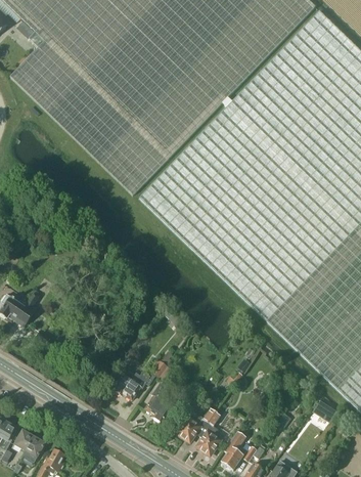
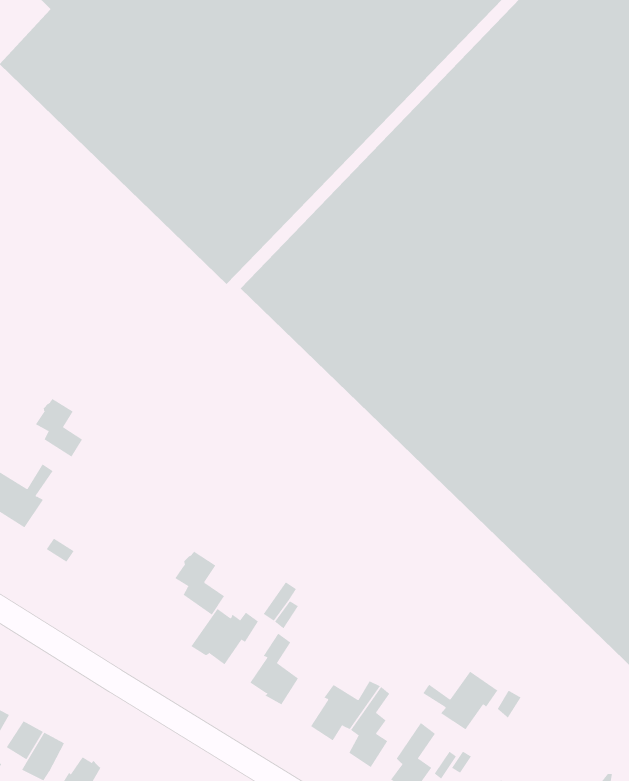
building: none -> [35,398,83,458]
building: none -> [174,551,225,615]
building: none -> [423,671,498,730]

